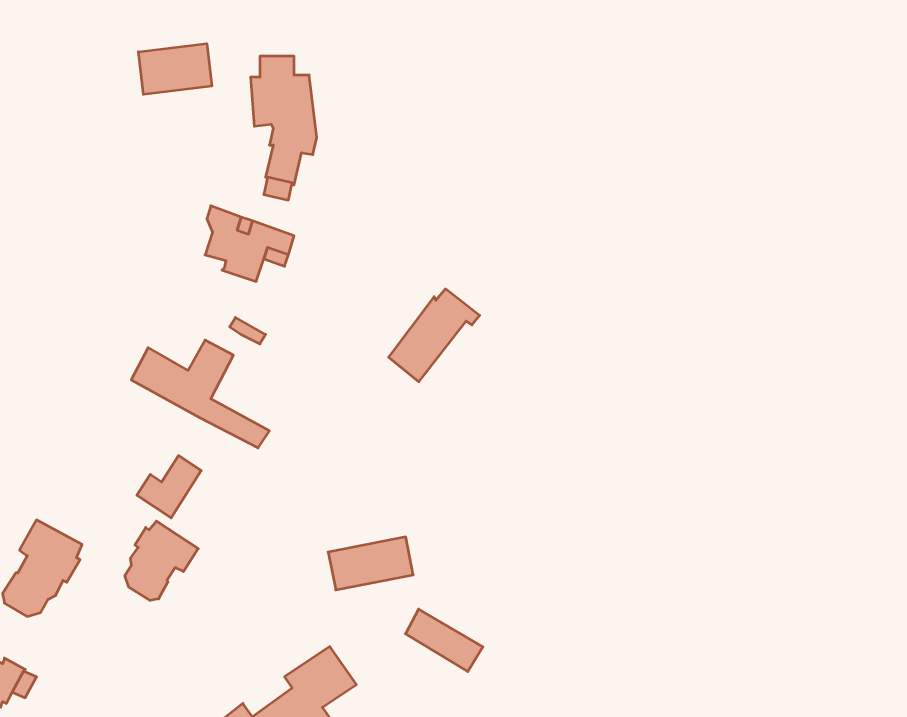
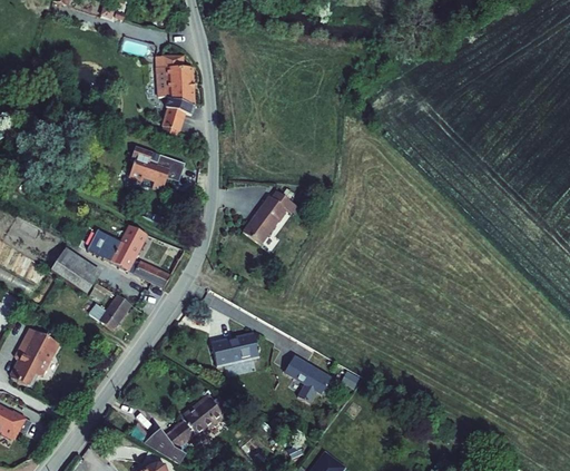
building: [138,44,212,94] -> none
building: none -> [47,241,99,286]
building: [125,521,198,600] -> none
building: [405,609,483,672] -> [277,359,323,395]

